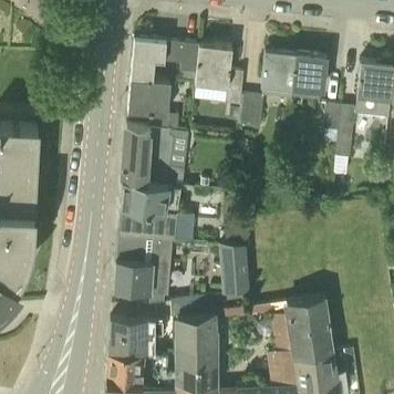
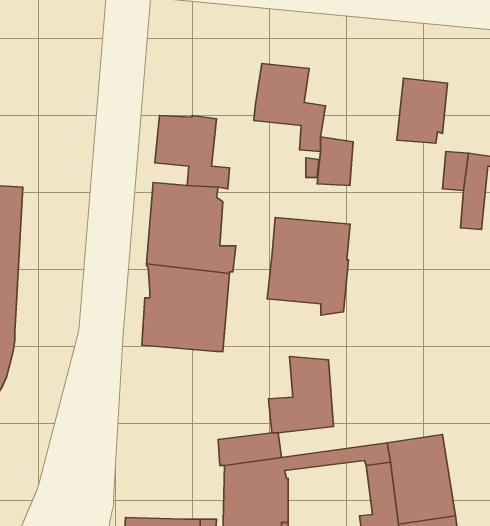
building: [132,38,201,81] -> none
building: [261,51,298,98] -> none
building: [114,236,170,302] -> [267,218,350,315]
building: [108,319,165,354] -> none

